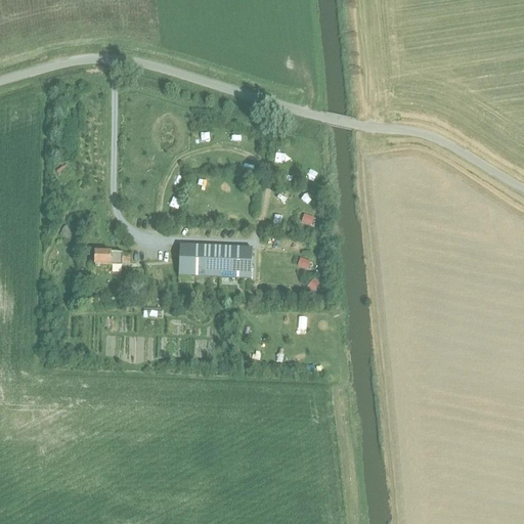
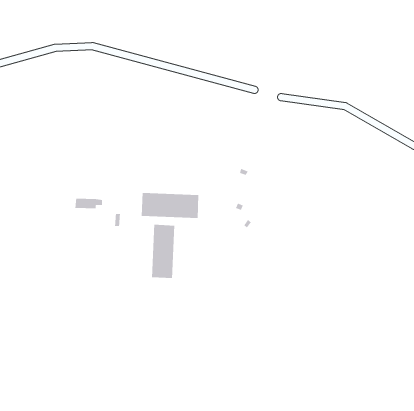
building: none -> [151,224,175,279]

